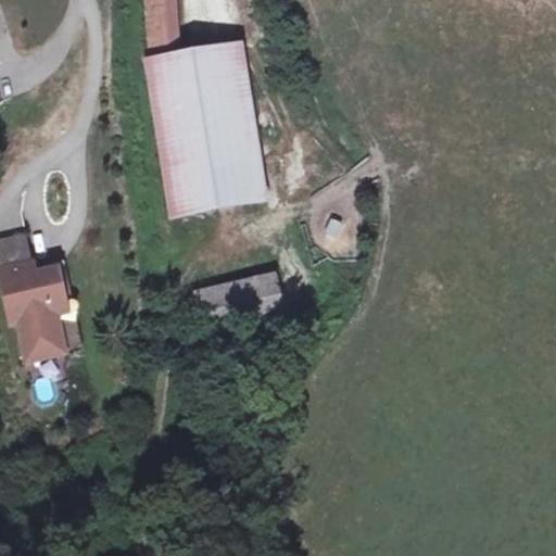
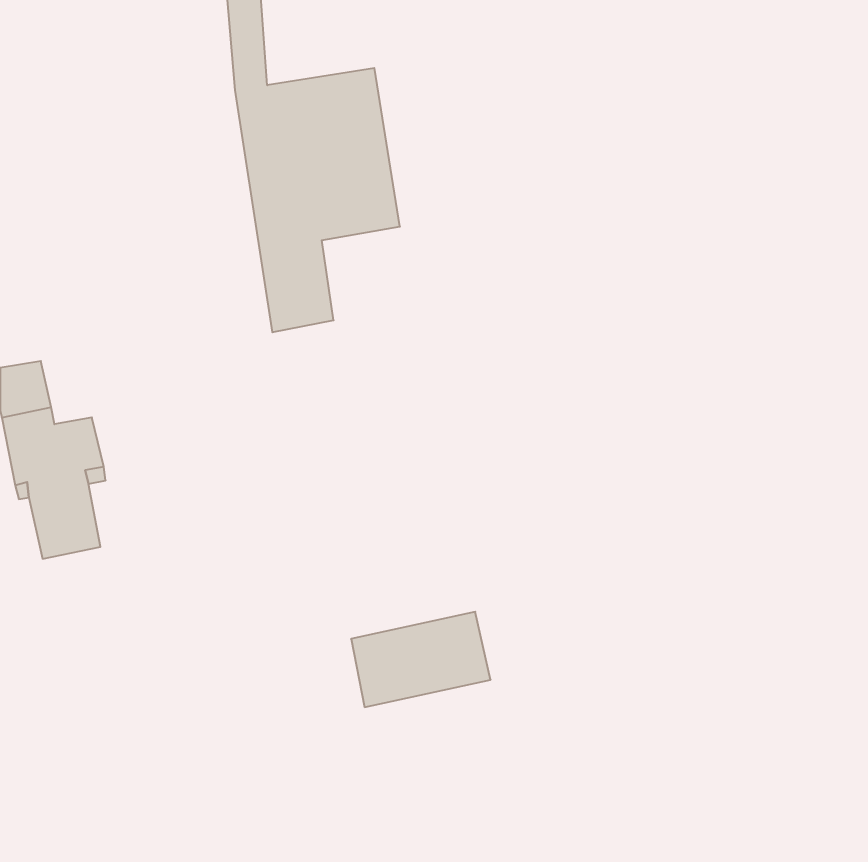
building: [206,144,264,204] -> none
building: [198,270,287,331] -> [351,612,491,707]

